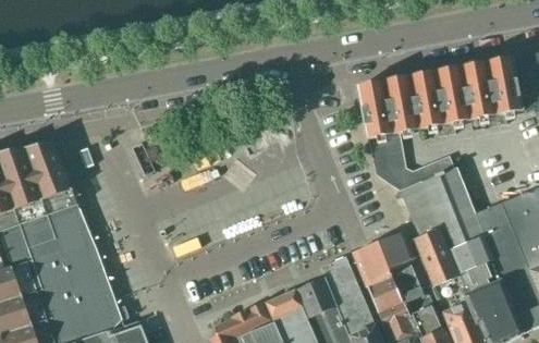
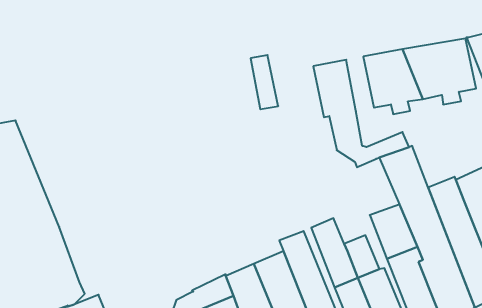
building: [390,76,418,132] -> [251,55,278,109]
building: [400,180,444,236] -> none
building: [377,231,414,268] -> none

